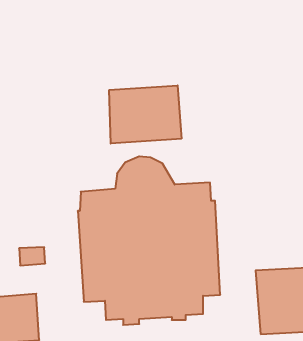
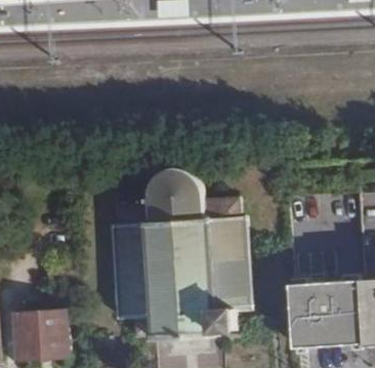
building: [109,85,181,144] -> none

